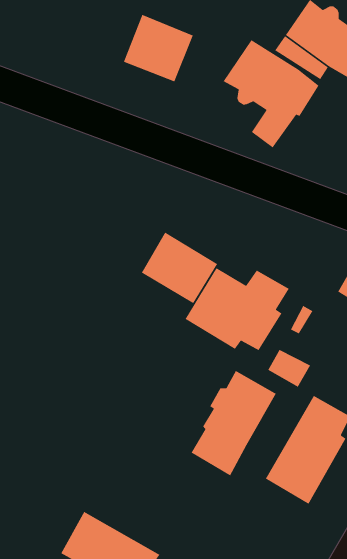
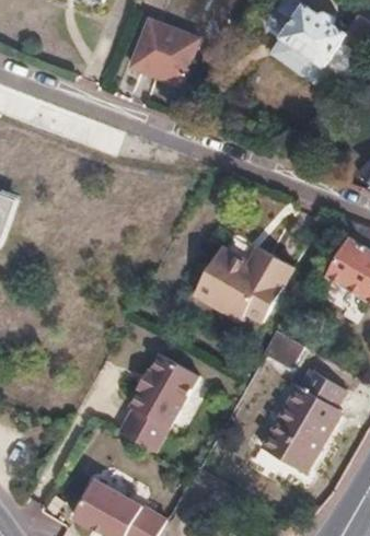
building: [222,39,320,149] -> none
building: [141,231,218,304] -> none
building: [190,370,277,476] -> [117,351,197,450]

